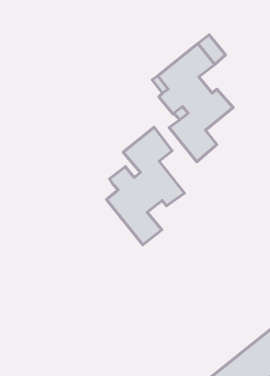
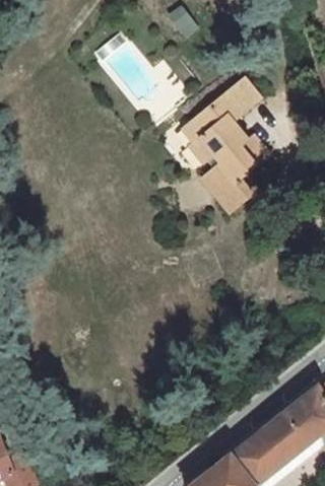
building: [106,127,184,245] -> none

